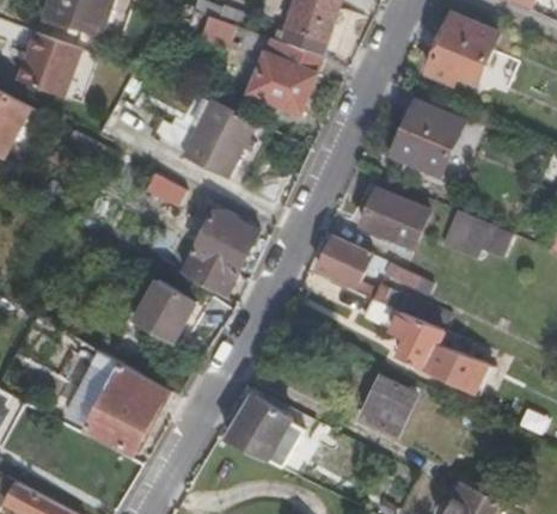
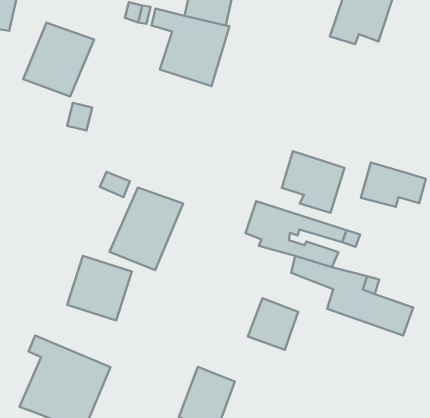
building: [179,96,256,173] -> [23,22,94,96]
building: [387,105,461,180] -> none
building: [360,378,414,433] -> [248,298,298,350]

